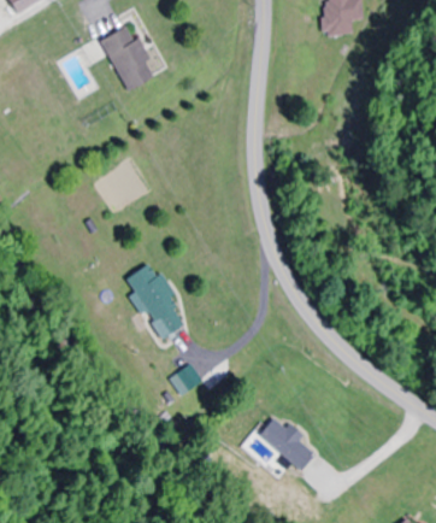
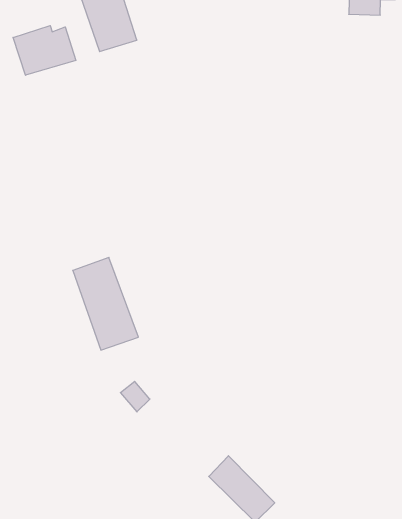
building: none -> [13,26,76,75]

